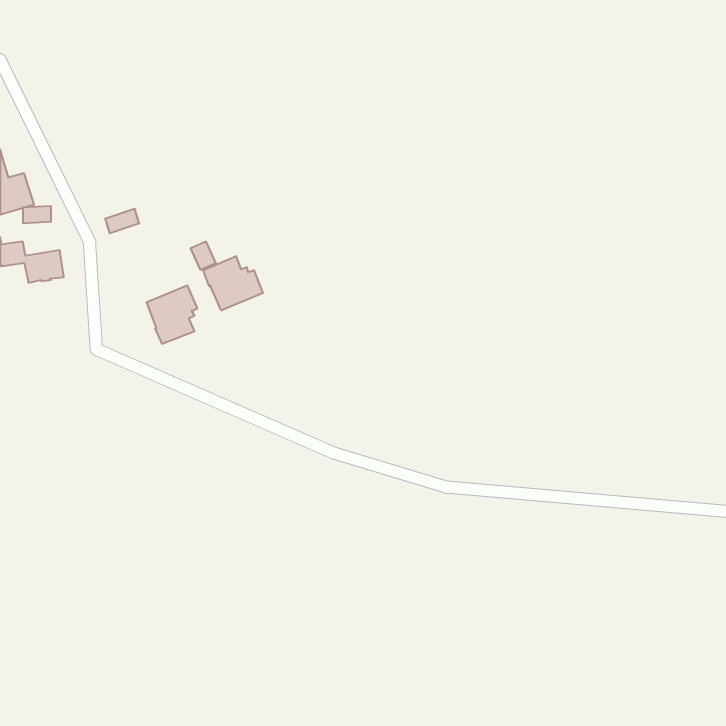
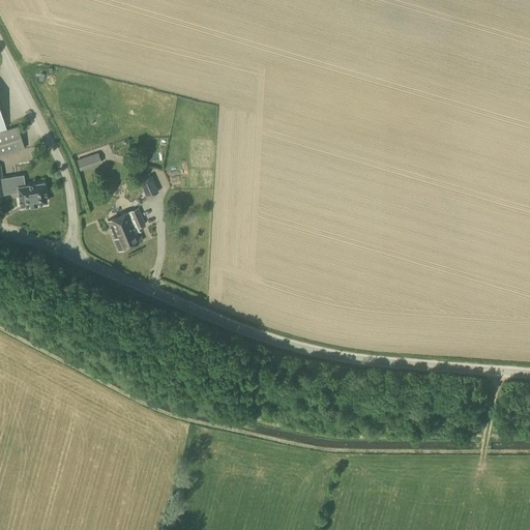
building: [203,256,263,310] -> none

